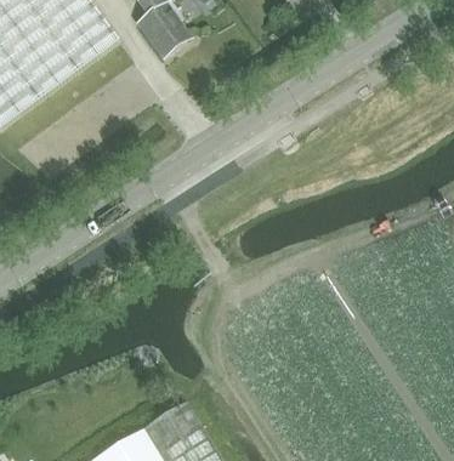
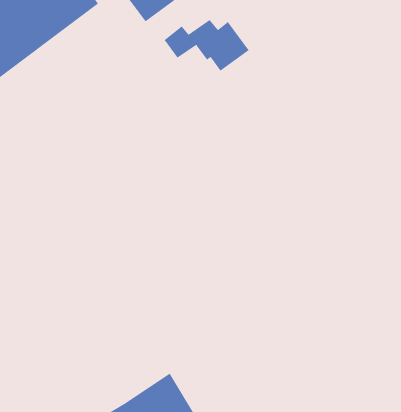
building: none -> [164,19,250,71]

